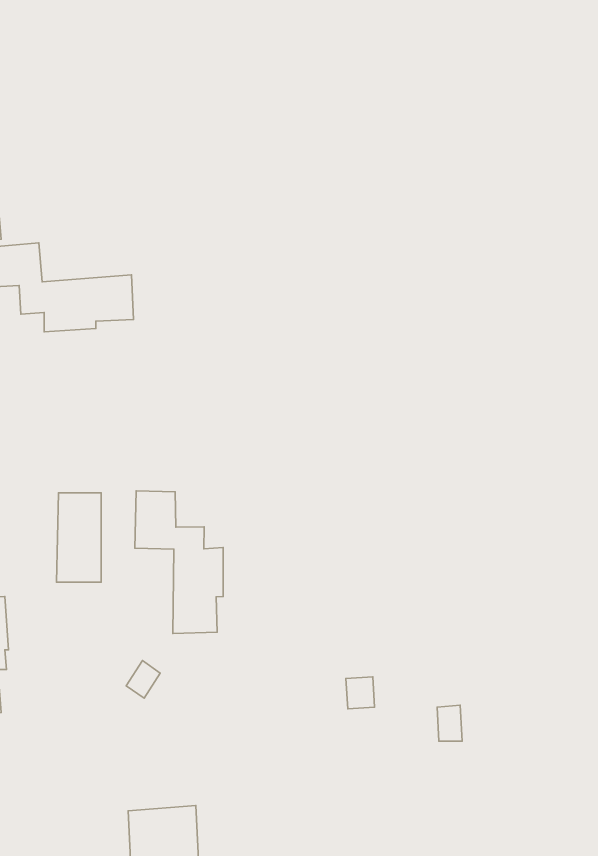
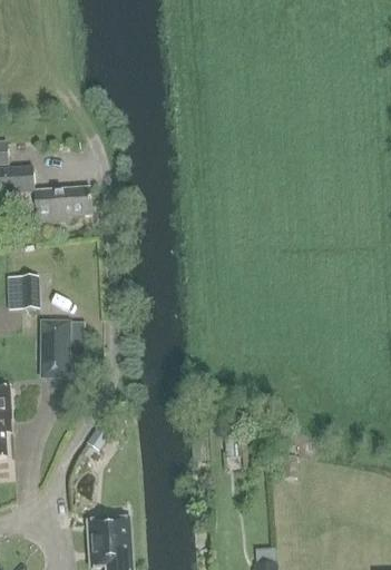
building: none -> [18,273,38,306]
building: [135,491,223,633] -> none

